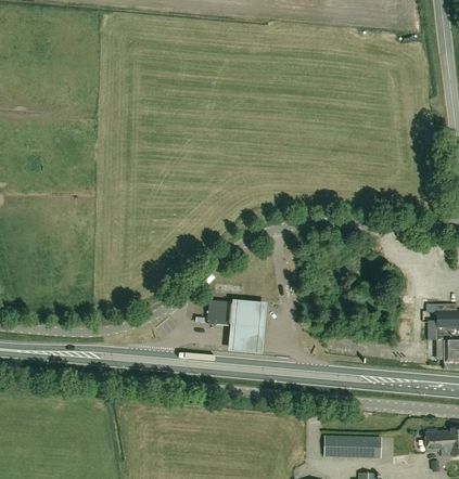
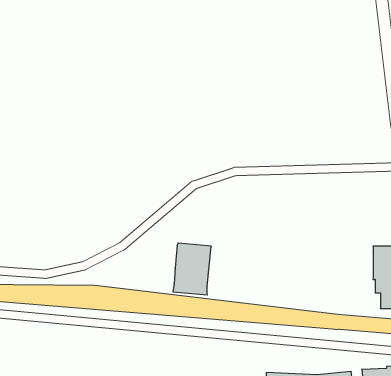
building: [205,299,230,325] -> none

